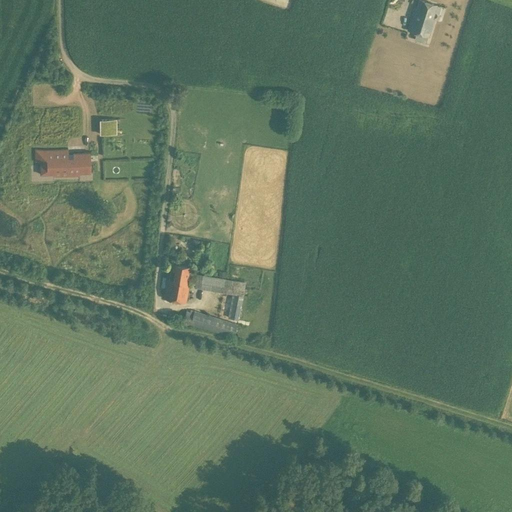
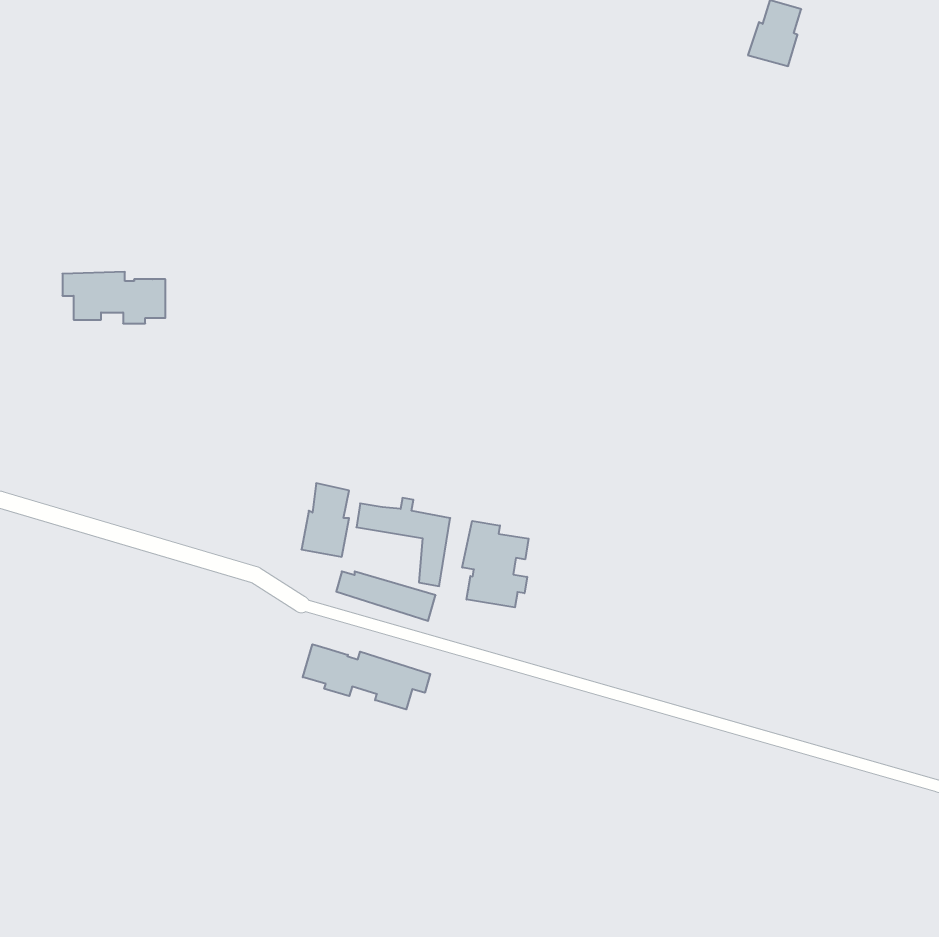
building: none -> [462,521,529,607]
building: none -> [303,644,430,709]

